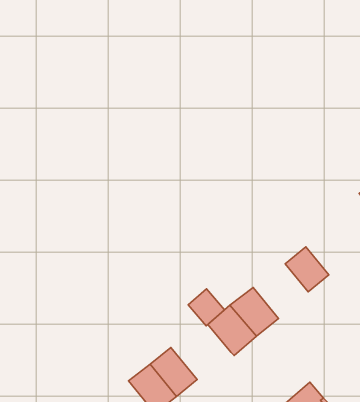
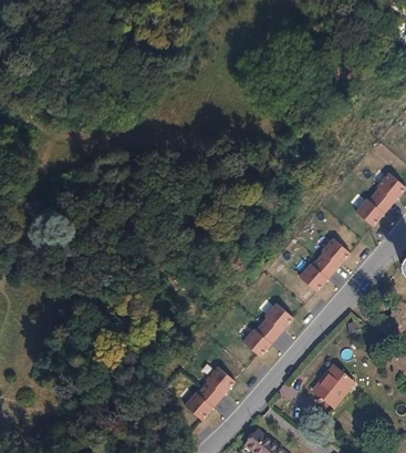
building: none -> [309,233,348,271]
building: [188,289,224,326] -> none

